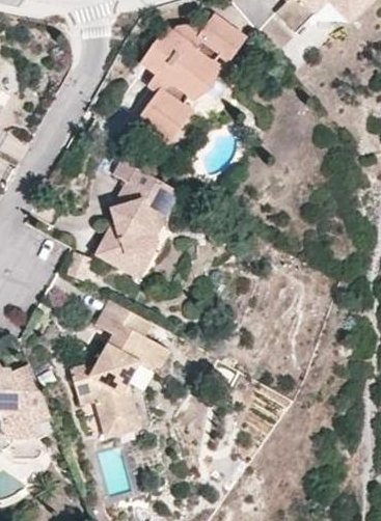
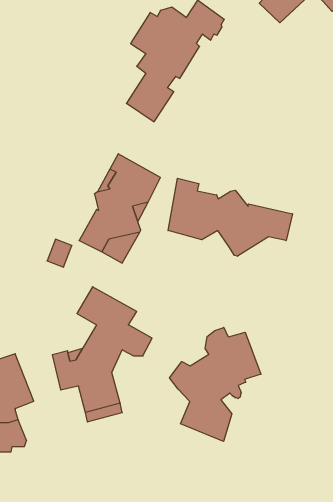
building: none -> [168,178,292,256]
building: none -> [170,327,261,441]

